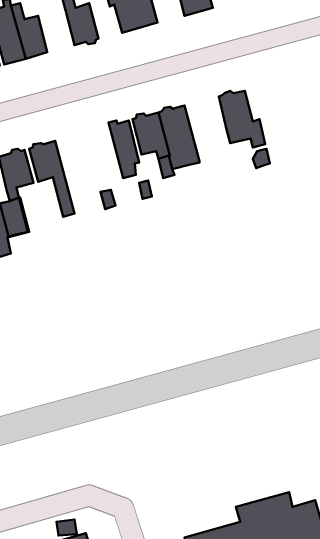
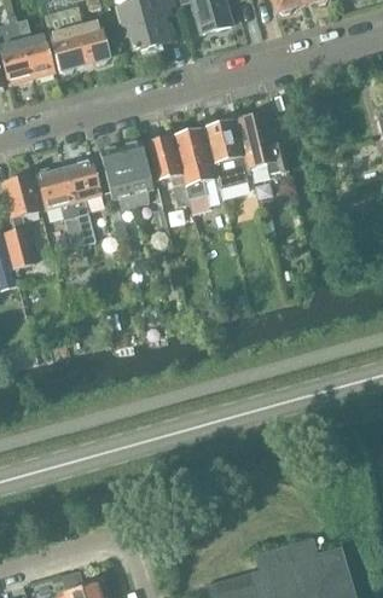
building: none -> [48,28,83,74]
building: none -> [204,121,250,188]
building: none -> [100,147,135,210]
building: none -> [63,158,100,244]

